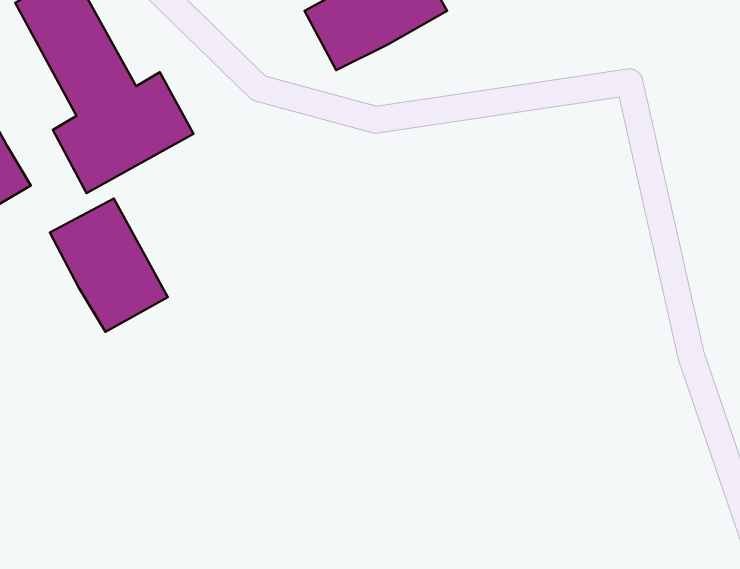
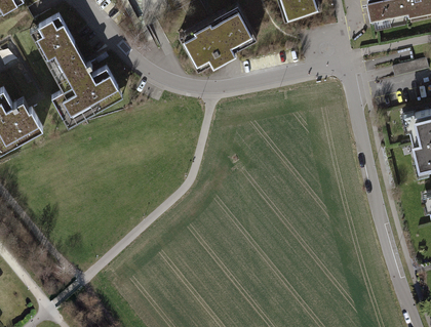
building: [50,199,168,332] -> none

